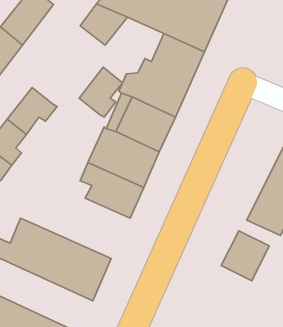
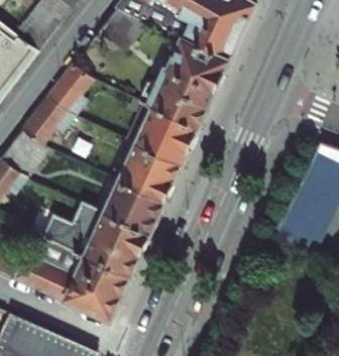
building: [79,67,123,117] -> [48,64,94,116]
building: none -> [43,202,151,275]
building: [221,231,269,281] -> none

